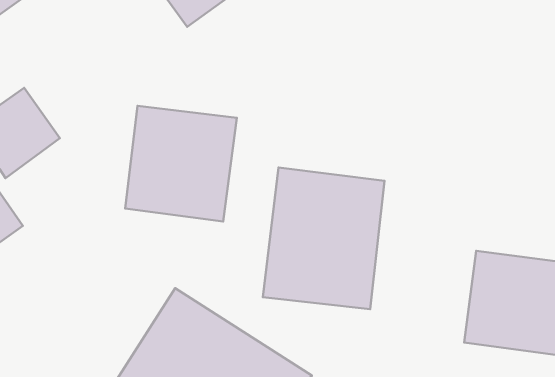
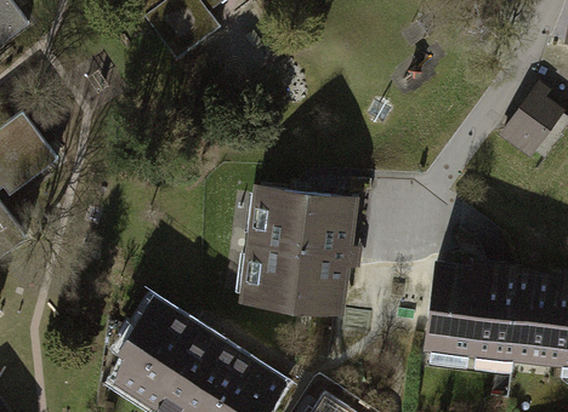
building: [125,106,237,222] -> none

